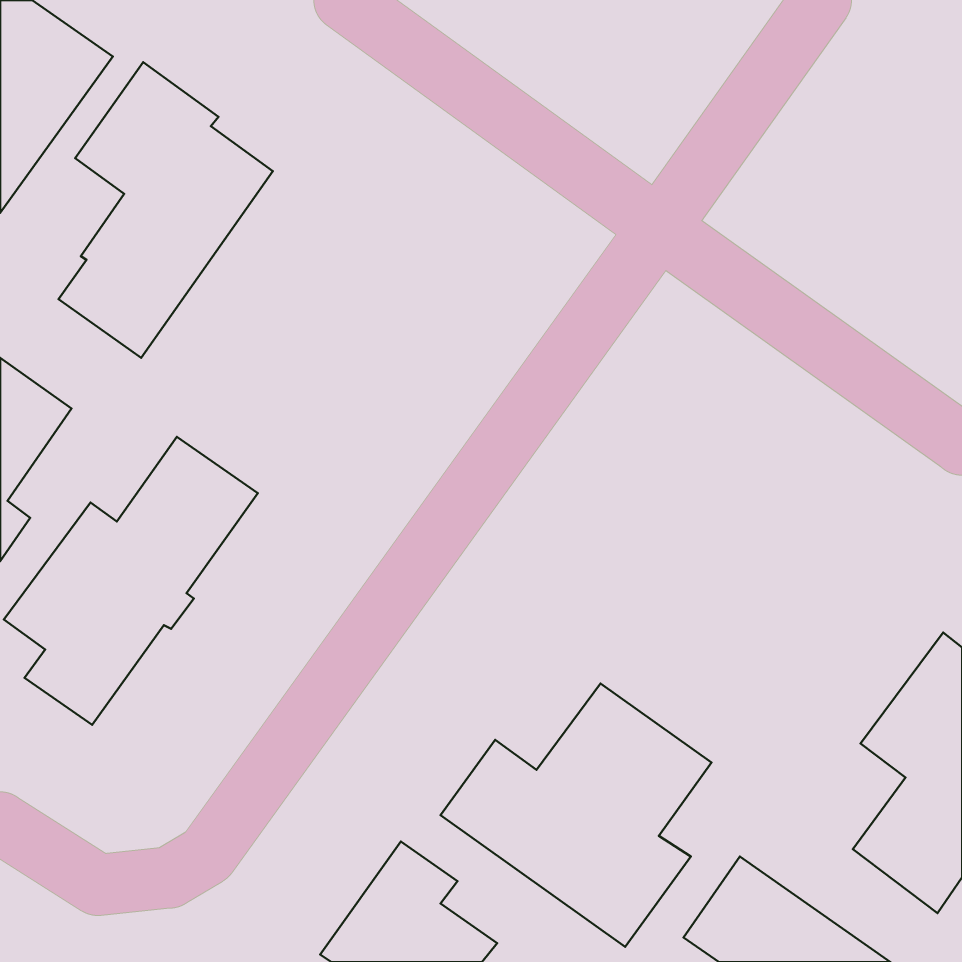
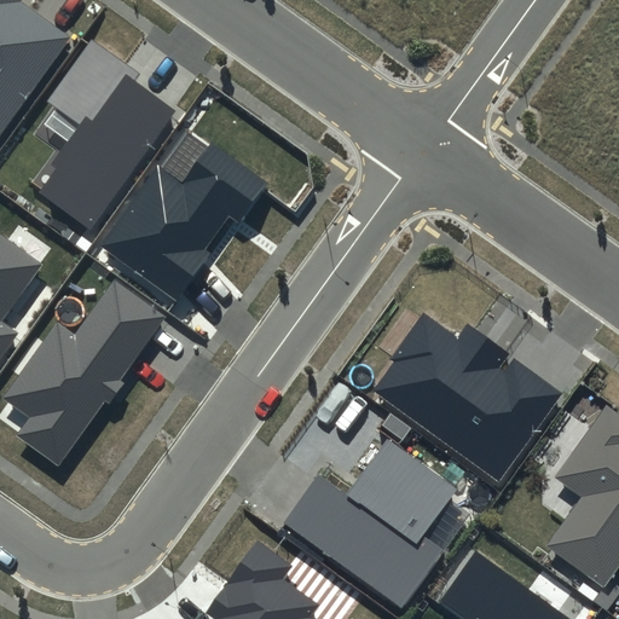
building: none -> [102,141,268,300]
building: none -> [372,313,563,482]

